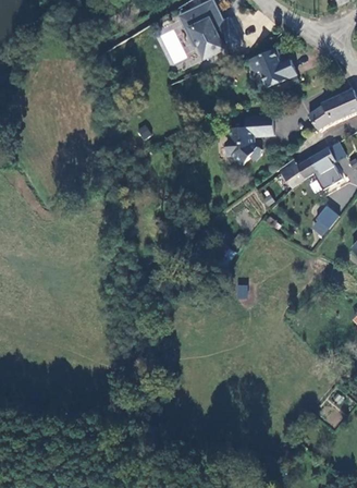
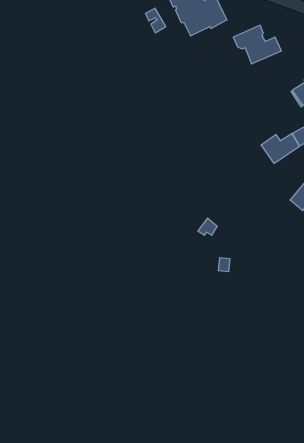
building: [225,115,273,164] -> none

